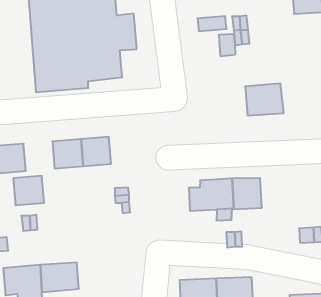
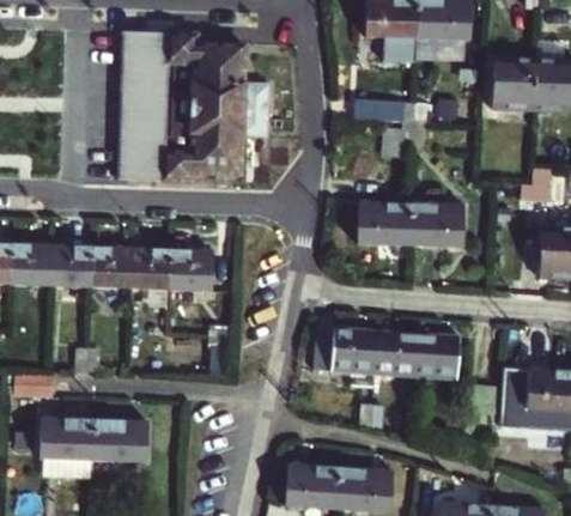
building: none -> [358,201,411,243]
building: [13,176,44,205] -> [90,248,132,287]
building: none -> [415,333,458,377]

